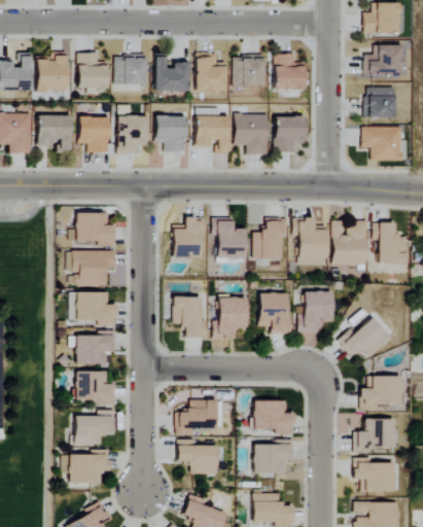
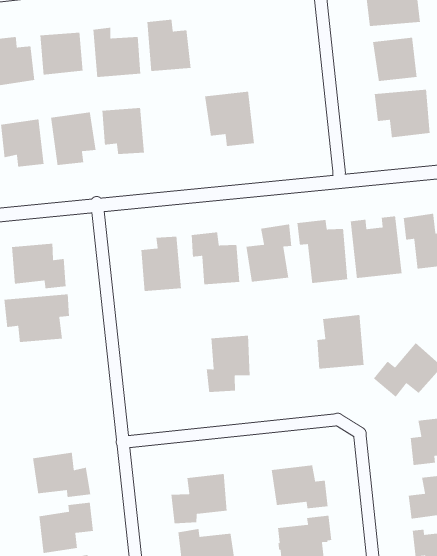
building: [275,54,306,90] -> none
building: [234,56,266,86] -> none
building: [196,108,231,153] -> none
building: [275,117,307,152] -> none
building: [69,291,117,325] -> none
building: [259,292,292,333] -> none
building: [173,295,207,337] -> none
building: [75,330,115,364] -> none

